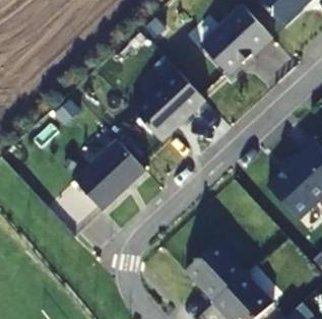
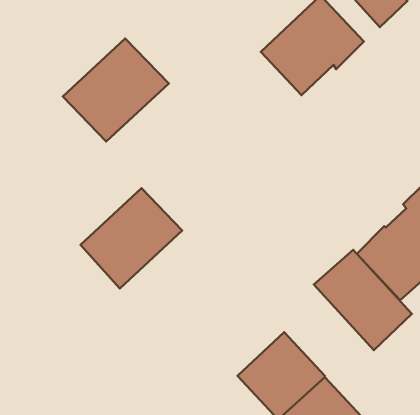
building: [131,68,205,140] -> [63,38,169,142]
building: none -> [314,250,412,350]

